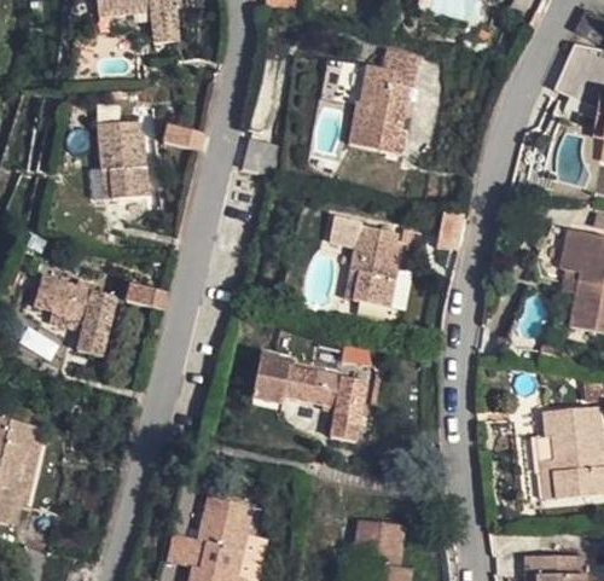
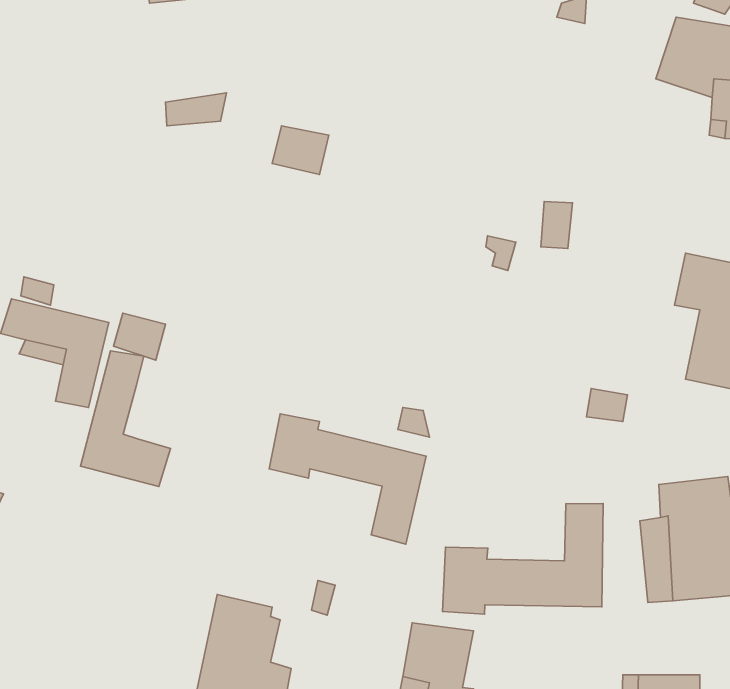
building: [355,46,431,155] -> none
building: [87,118,149,196] -> none
building: [327,211,412,303] -> none
building: none -> [81,351,170,487]
building: none -> [443,503,603,614]

